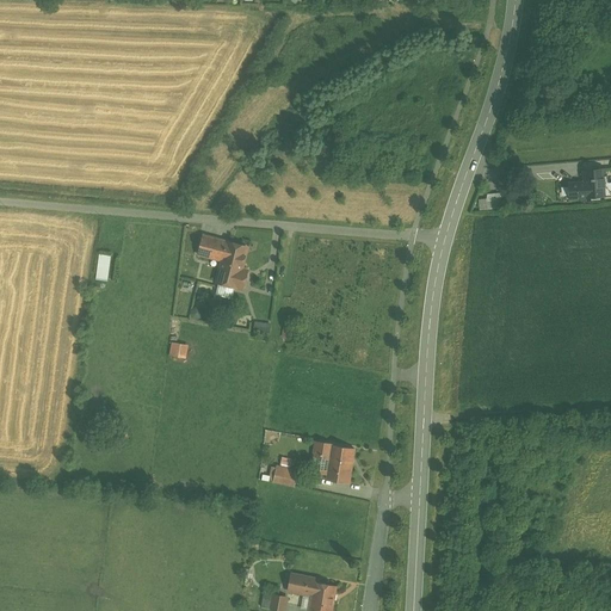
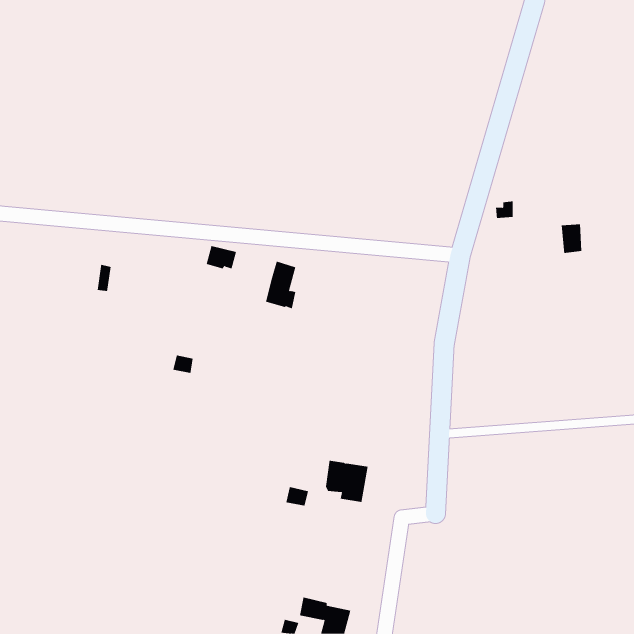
building: [585,169,605,198] -> [561,224,582,254]
building: [217,242,247,289] -> [265,261,296,309]

